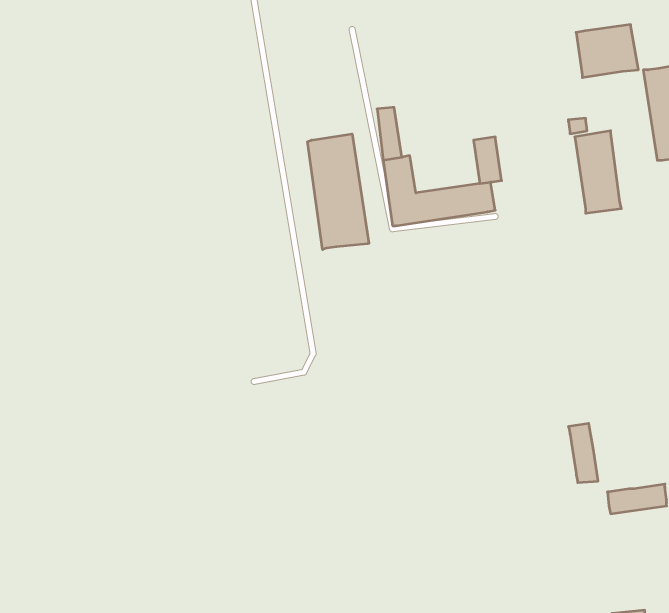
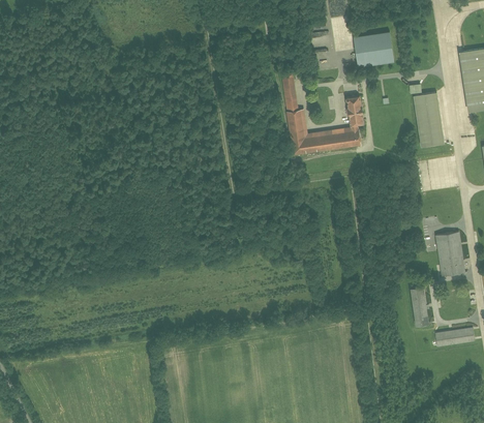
building: [576,25,638,78] -> [354,32,395,67]
building: [308,134,369,250] -> none
building: none -> [435,231,465,275]

